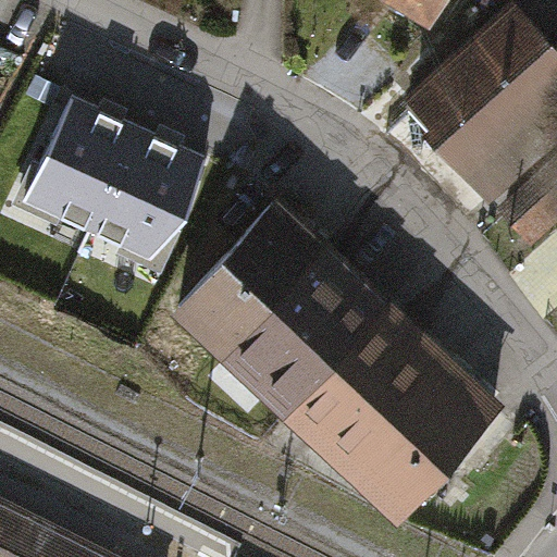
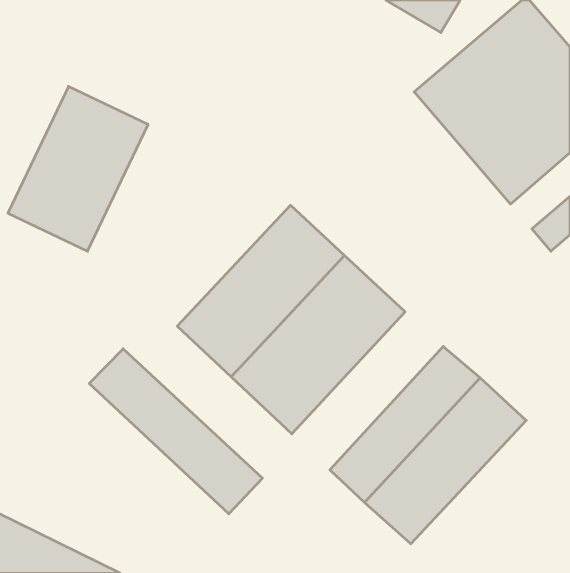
building: [85,121,219,281] -> none
building: [283,302,430,456] -> none
building: none -> [89,349,262,514]

